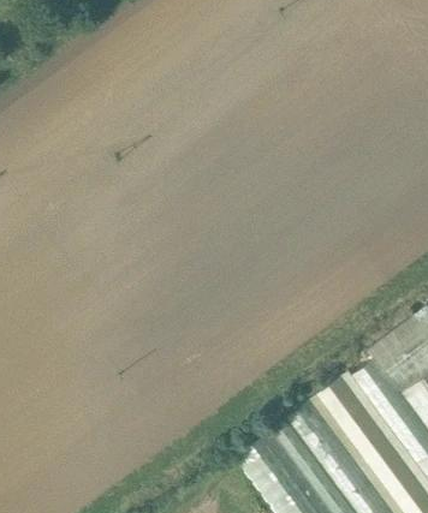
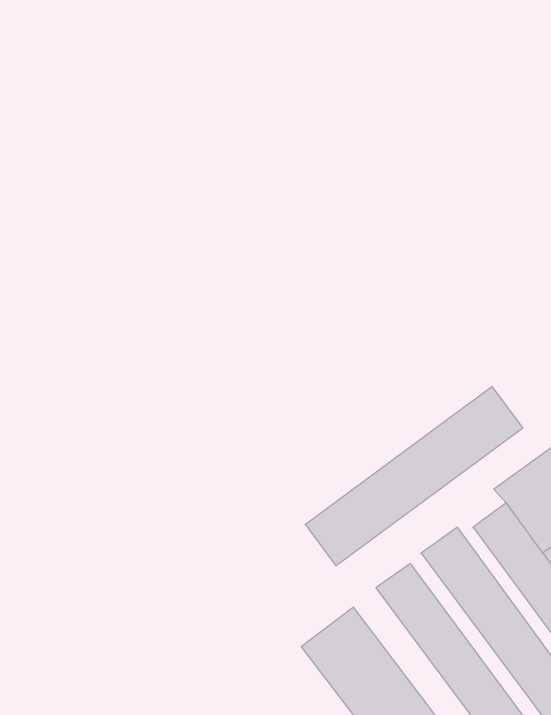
building: none -> [305,386,523,566]

